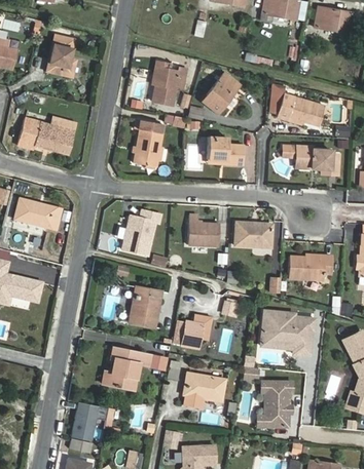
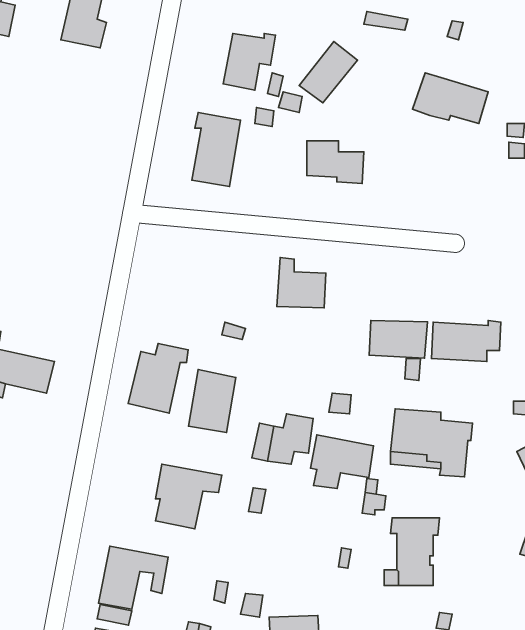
building: [16,117,76,155] -> none
building: [283,146,339,175] -> none
building: [13,198,62,230] -> none
building: [121,210,160,256] -> [128,344,188,413]
building: [234,223,272,247] -> [369,320,427,358]
building: [183,373,224,407] -> [310,435,374,489]

